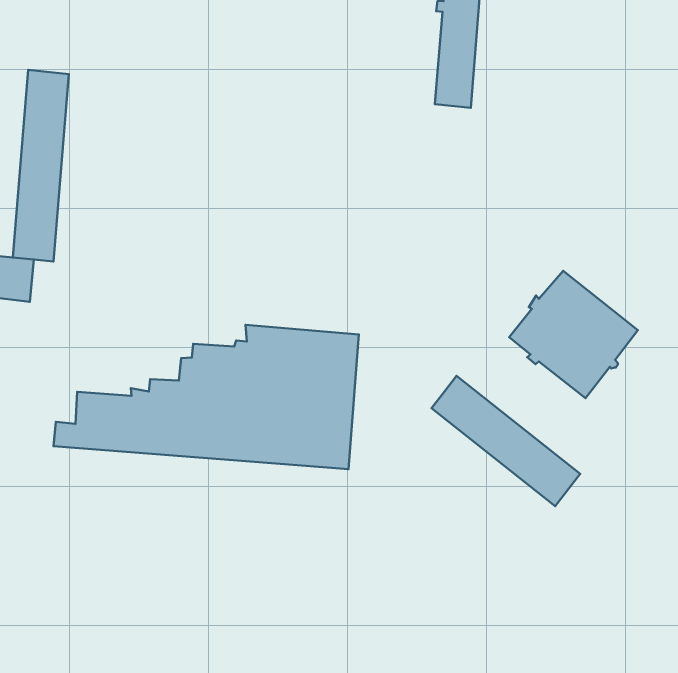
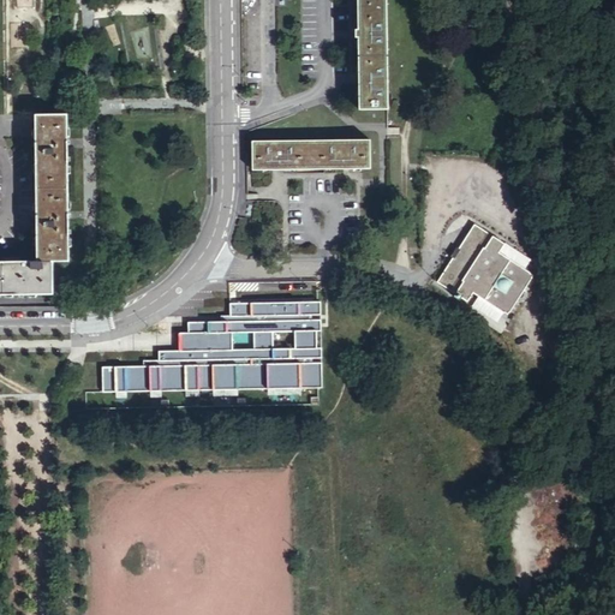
building: none -> [251,138,369,168]
building: [432,376,580,506] -> none

